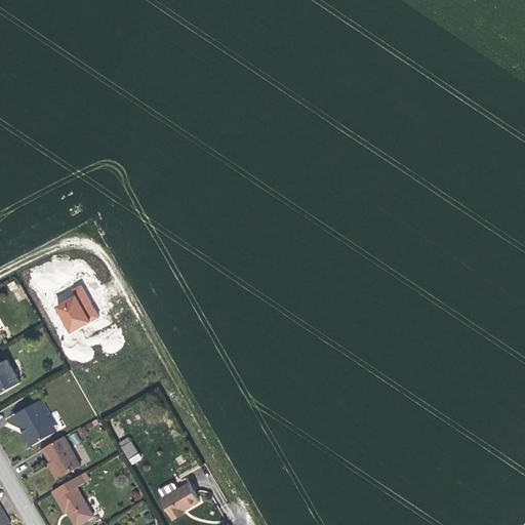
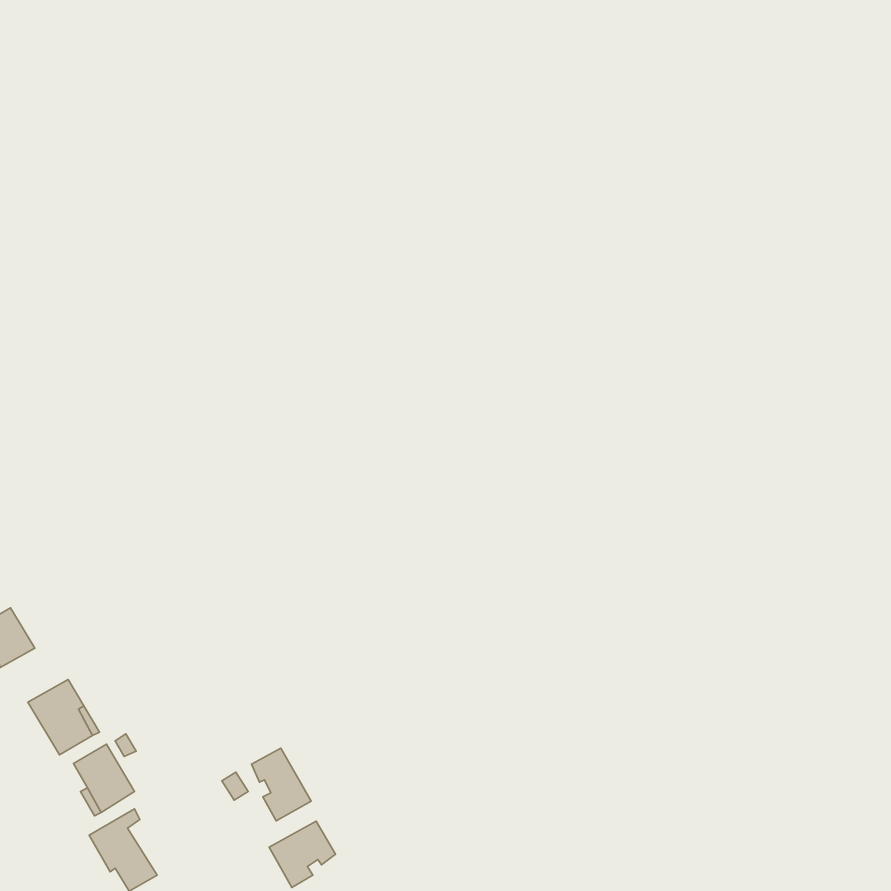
building: [53,282,98,332] -> none
building: none -> [251,748,311,821]

